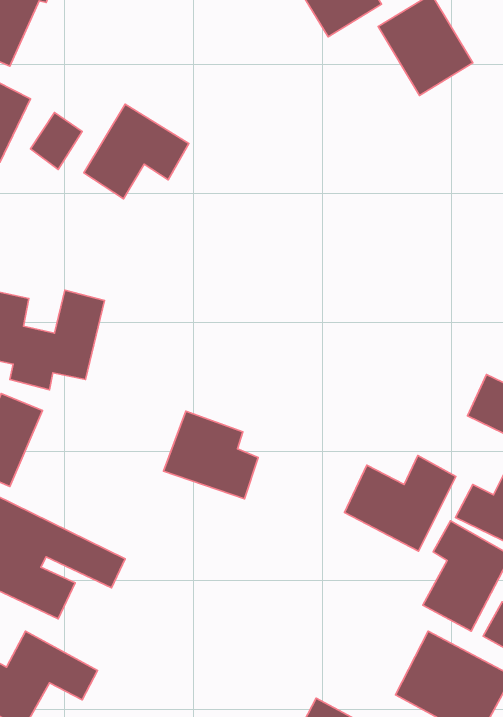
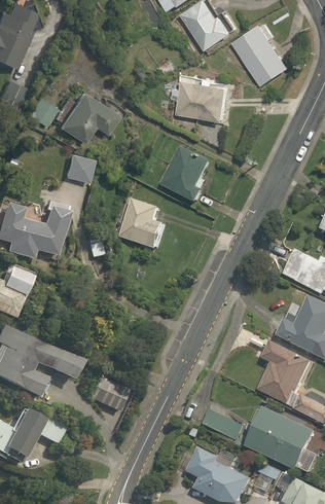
building: none -> [171,75,229,116]
building: none -> [159,143,218,201]
building: none -> [62,154,91,183]
building: [164,411,258,499] -> [115,199,172,251]
building: [344,456,456,551] -> none
building: none -> [89,374,128,411]
building: none -> [202,408,242,440]

